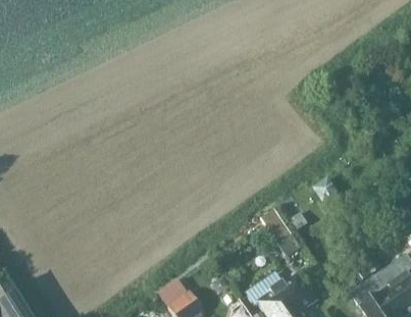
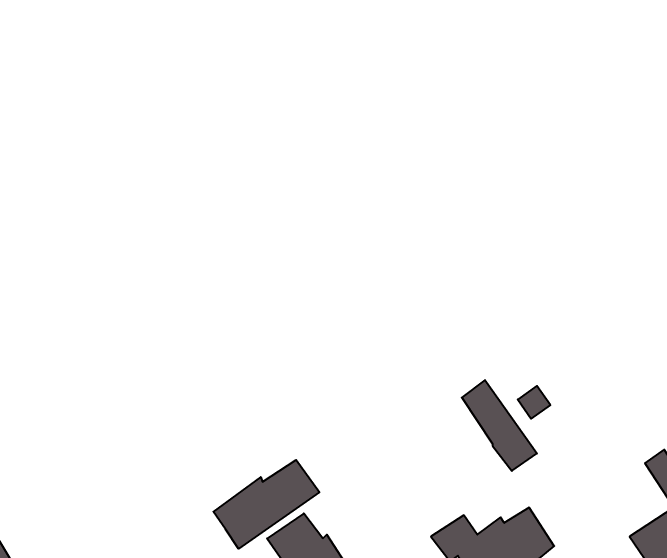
building: none -> [213,460,319,549]

